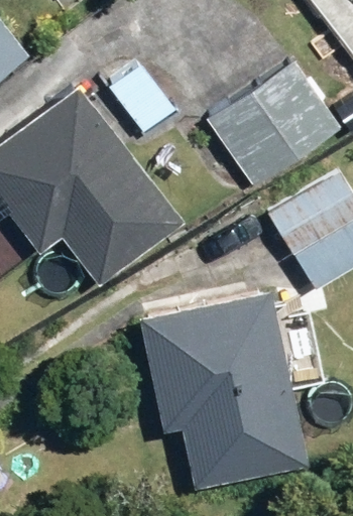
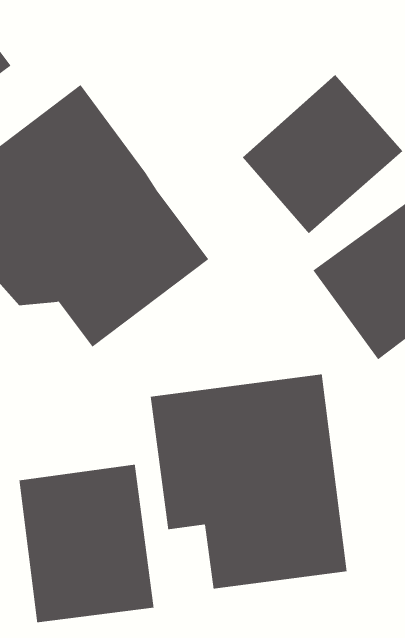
building: none -> [19,464,154,623]

